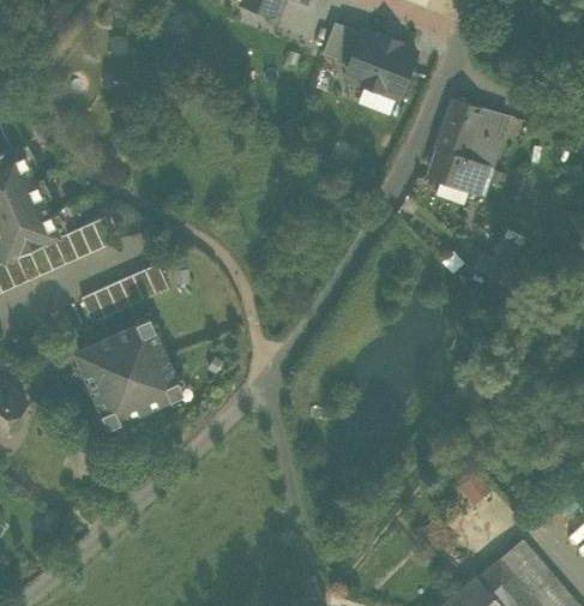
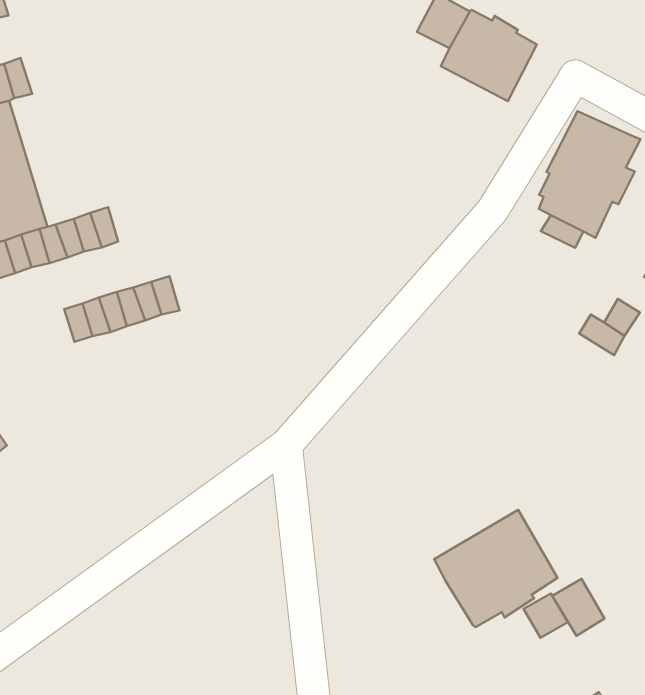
building: [78,323,176,421] -> none
building: none -> [434,510,558,627]
building: none -> [552,579,605,636]

